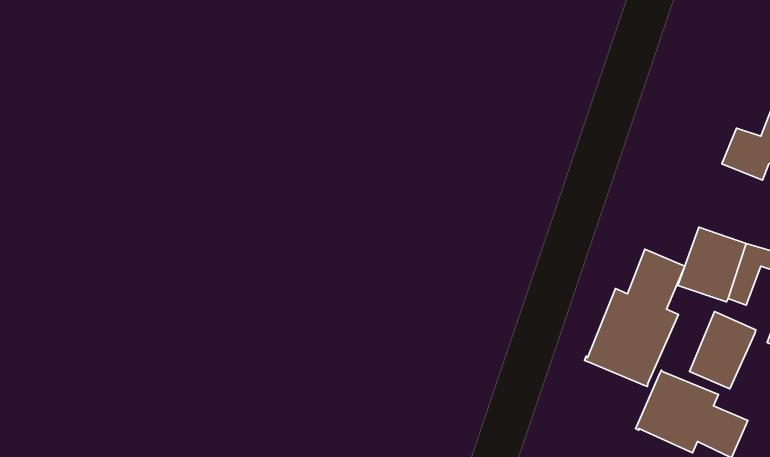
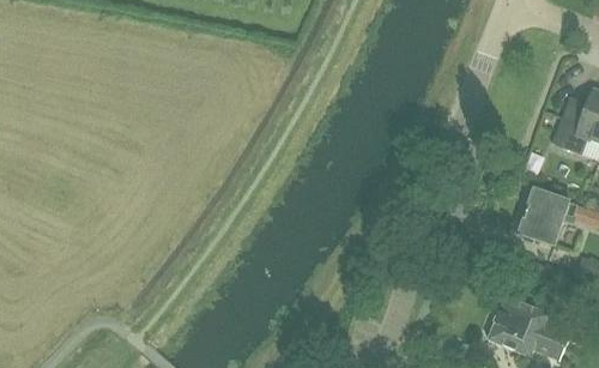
building: [585,249,685,386] -> none
building: [690,312,756,389] -> none

